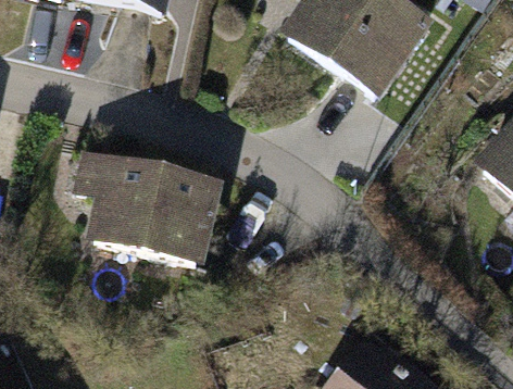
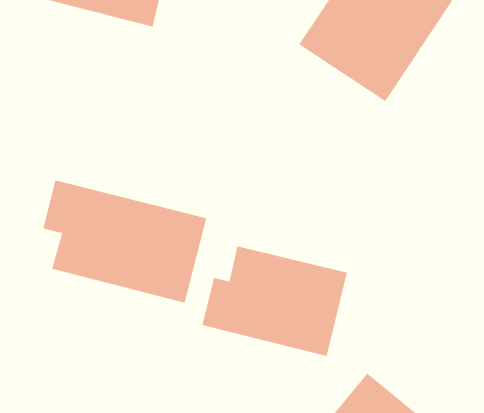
building: none -> [201,245,348,357]

